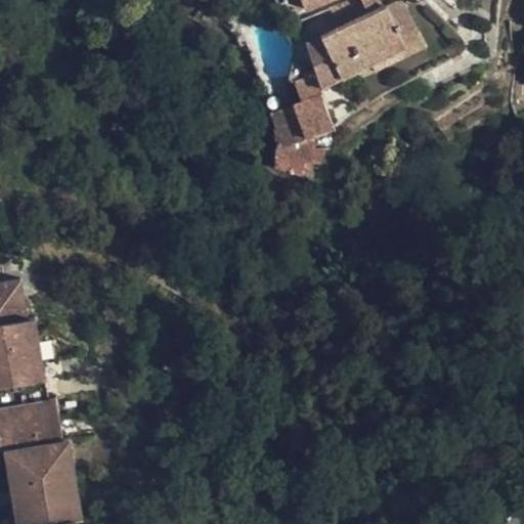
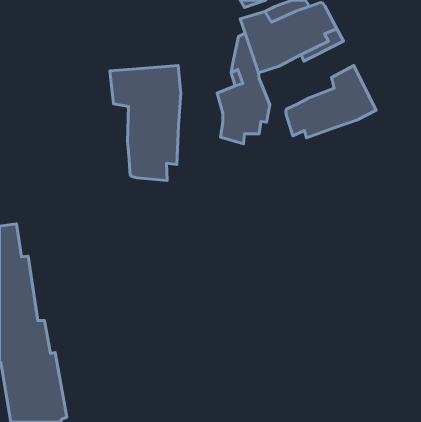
building: none -> [286,65,376,138]
building: none -> [110,66,181,180]

